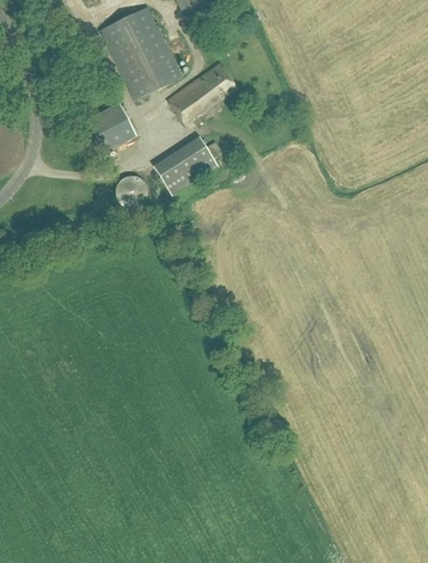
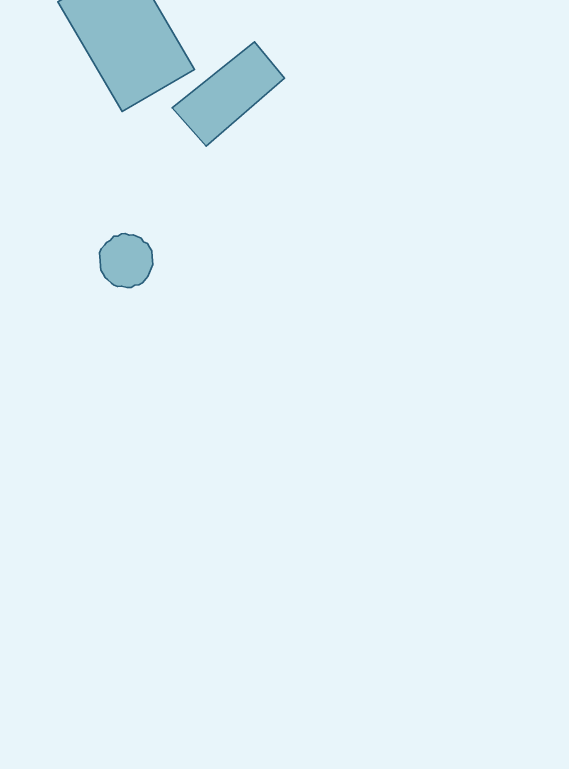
building: [87,103,135,152] -> none
building: [152,135,222,195] -> none

